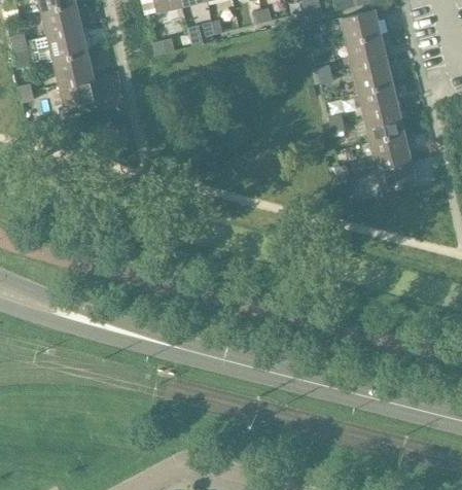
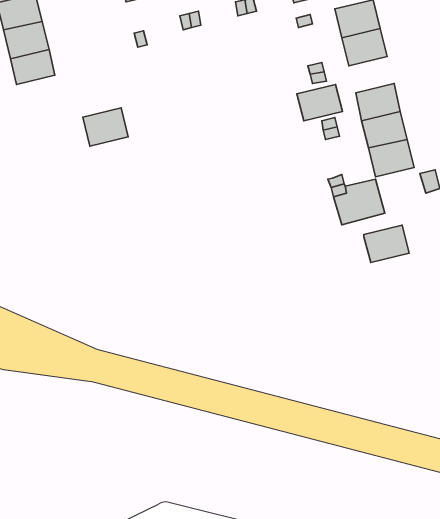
building: [353,61,393,93] -> [297,85,342,121]
building: [60,77,100,111] -> [83,108,128,146]
building: [377,159,417,191] -> [364,225,409,262]

